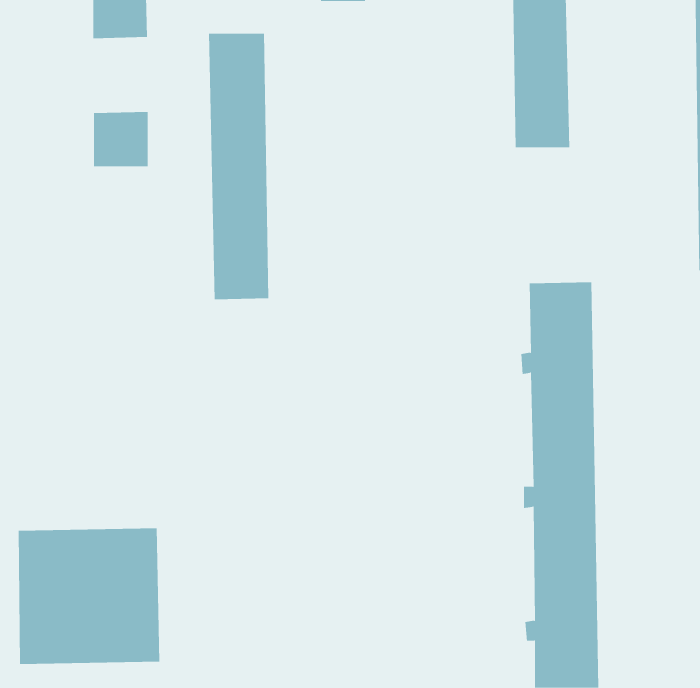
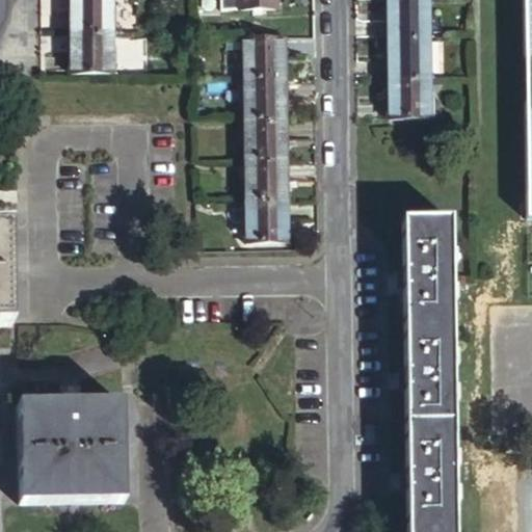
building: [208,33,269,300] -> [246,37,292,238]
building: [93,111,149,167] -> [74,28,115,70]

